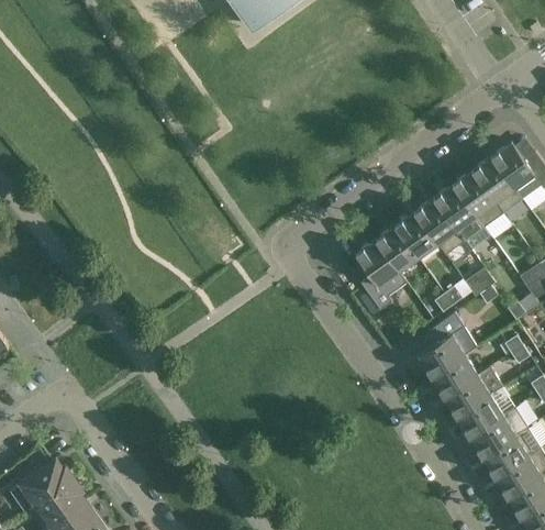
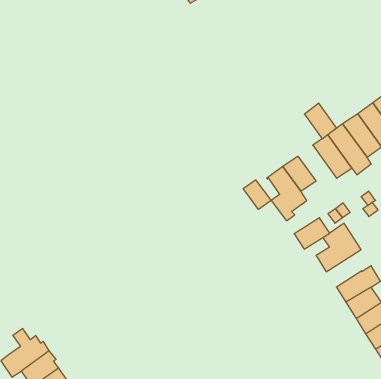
building: [394,212,436,258] -> [304,103,337,139]
building: none -> [243,180,271,209]
building: [431,355,477,396] -> [294,218,330,249]

